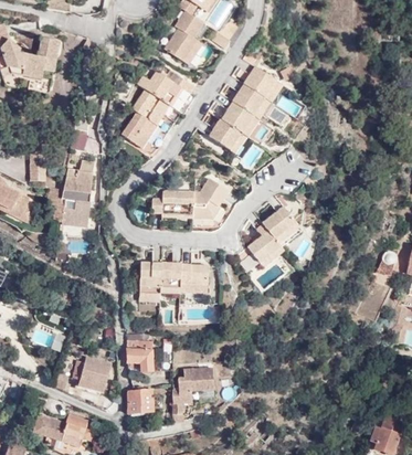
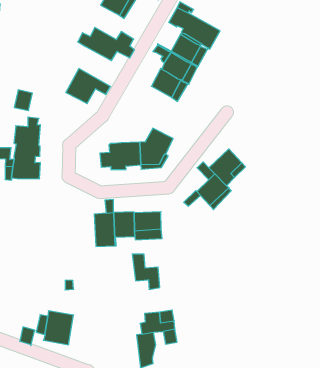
building: [133,89,173,133] -> none
building: [126,334,151,371] -> [132,254,160,289]
building: [127,385,151,413] -> none

